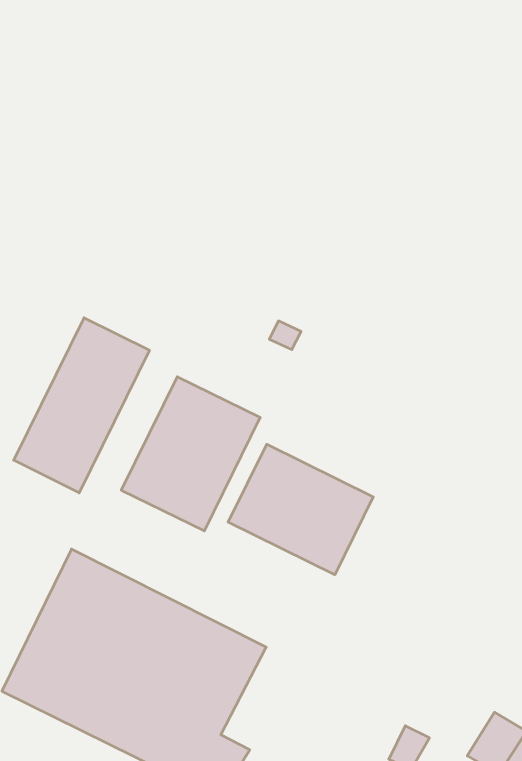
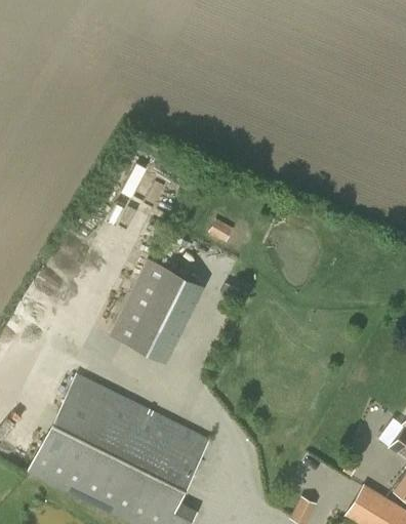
building: [14,318,149,493] -> none
building: [228,444,373,575] -> none

